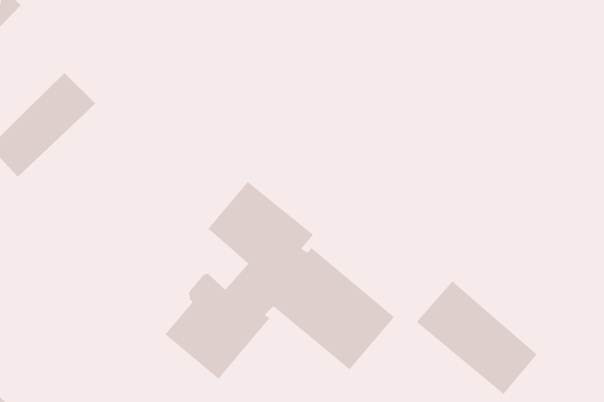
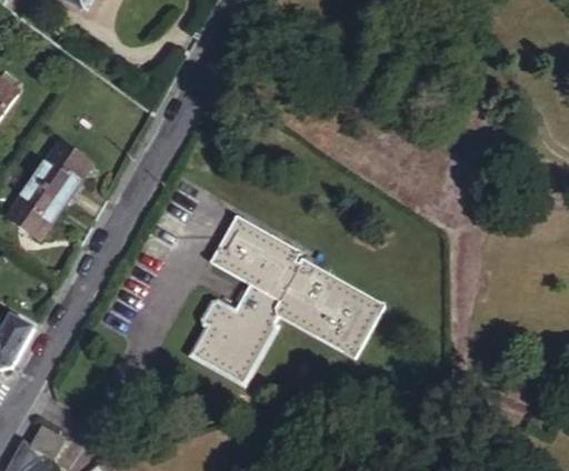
building: [416,280,537,395] -> none

